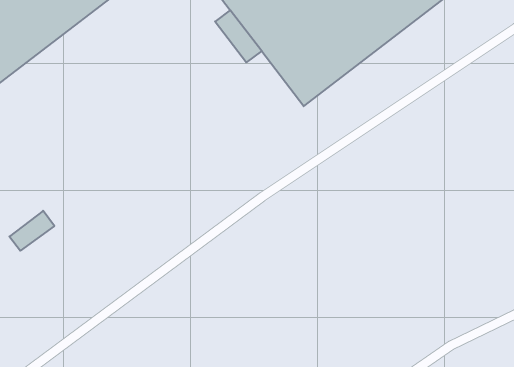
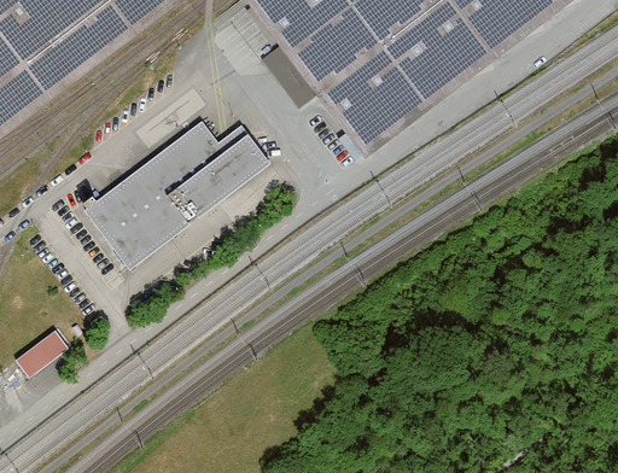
building: none -> [83,113,272,263]
building: [9,211,54,251] -> [16,325,69,372]

